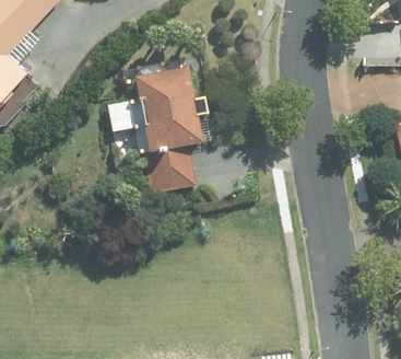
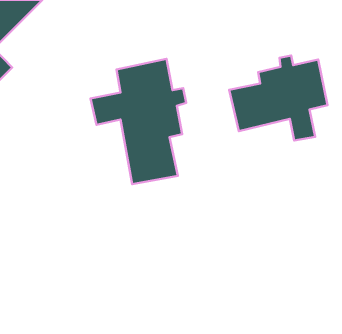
building: none -> [229,56,328,141]

